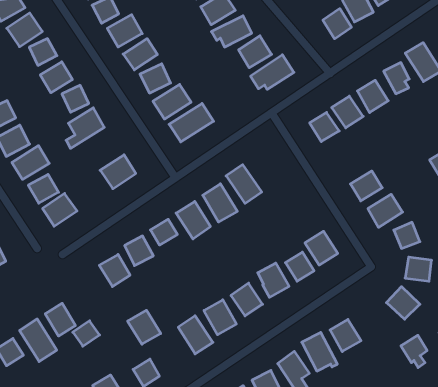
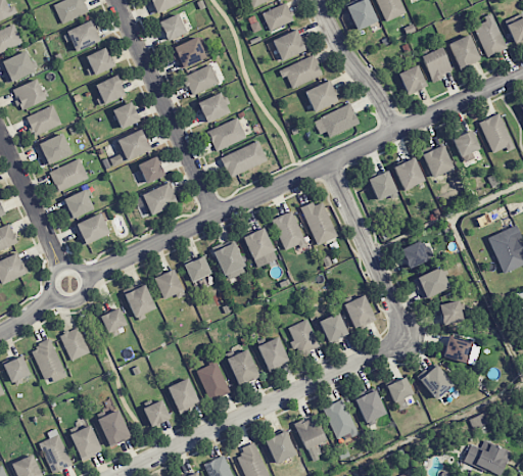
building: none -> [138,155,167,184]
building: none -> [301,199,338,245]
building: [128,310,161,344] -> [168,378,200,413]
building: [73,321,100,346] -> [100,307,128,333]
building: [401,335,427,368] -> [386,377,413,411]

